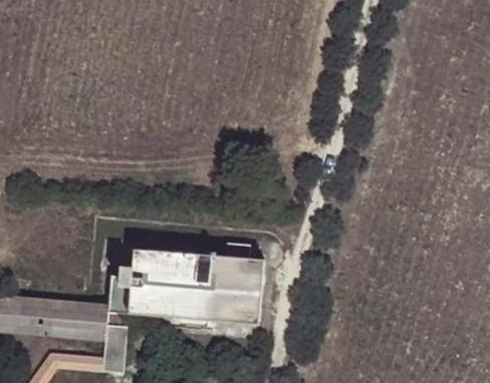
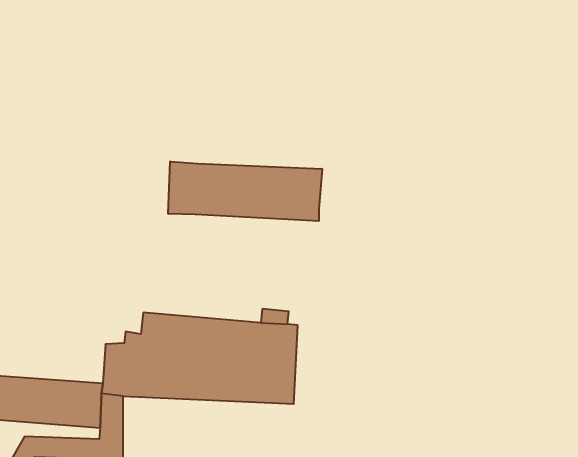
building: none -> [168,161,322,221]

